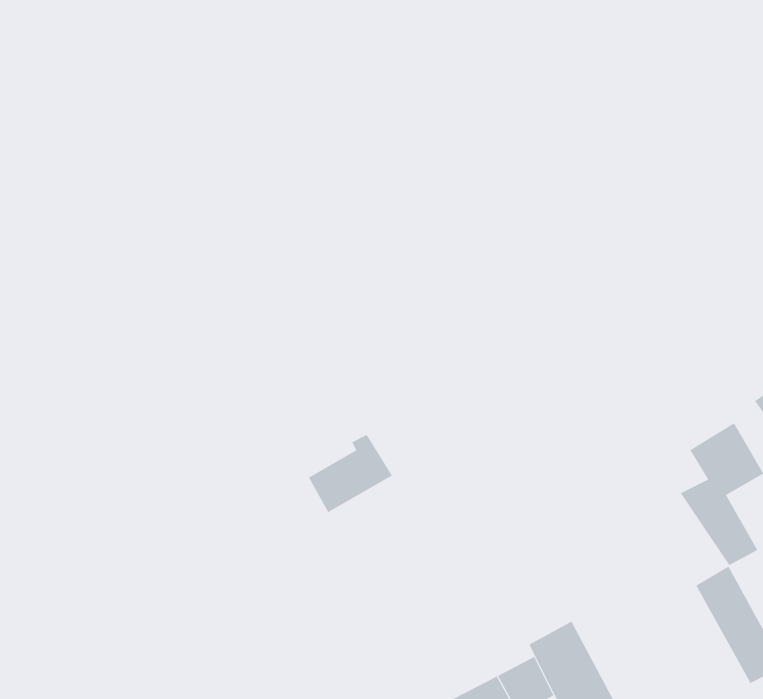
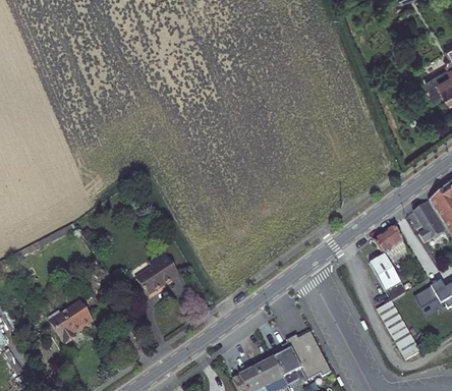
building: [308,434,393,513] -> [134,256,178,296]
building: none -> [46,300,88,342]

